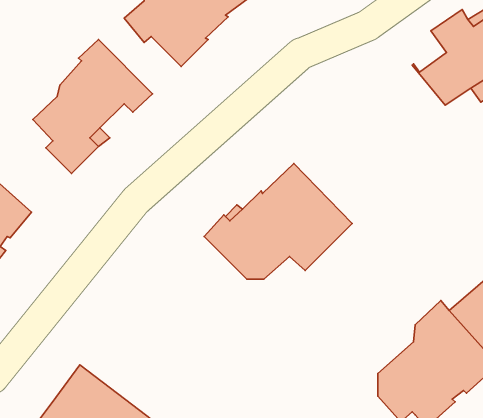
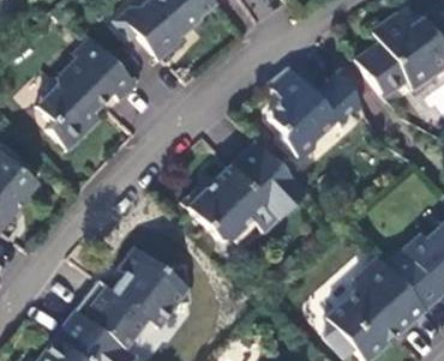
building: none -> [266,66,361,156]
building: none -> [74,246,190,348]

